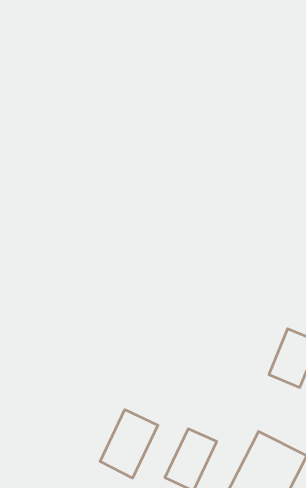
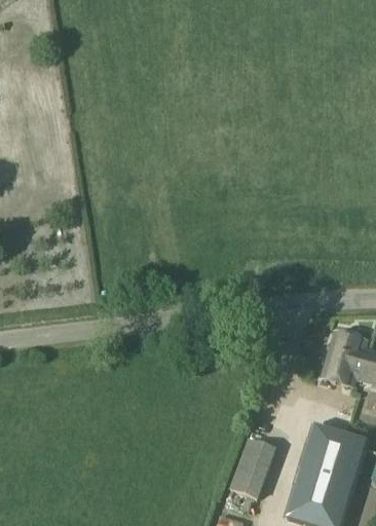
building: [100,410,158,478] -> none

